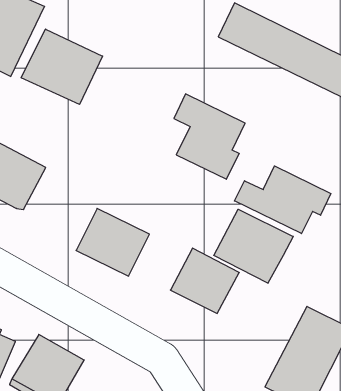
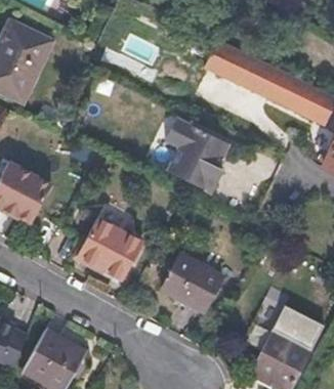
building: [21,29,103,104] -> none
building: [234,166,331,234] -> none
building: [214,209,293,283] -> none

